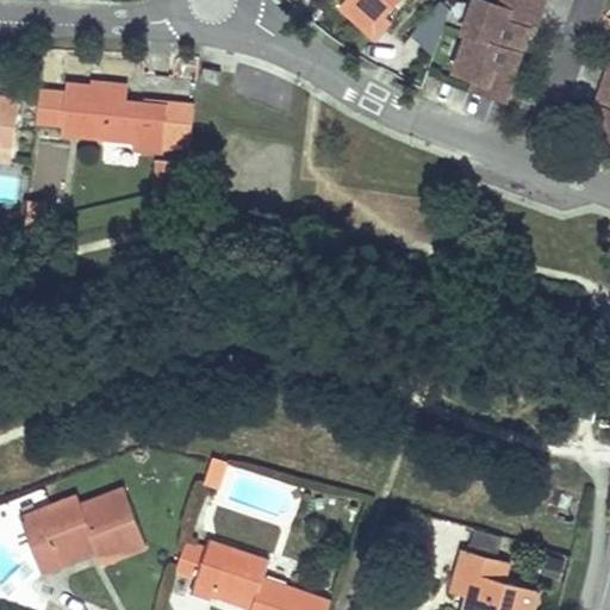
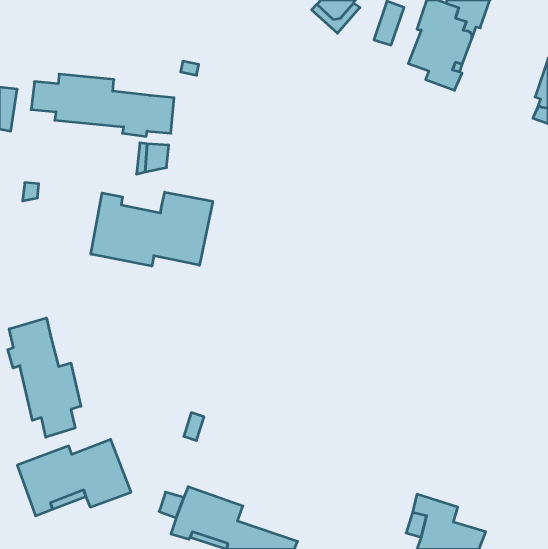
building: none -> [91,192,213,266]
building: none -> [8,318,81,437]

